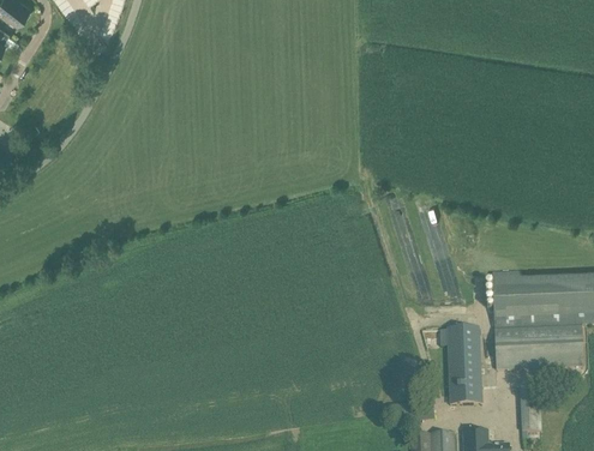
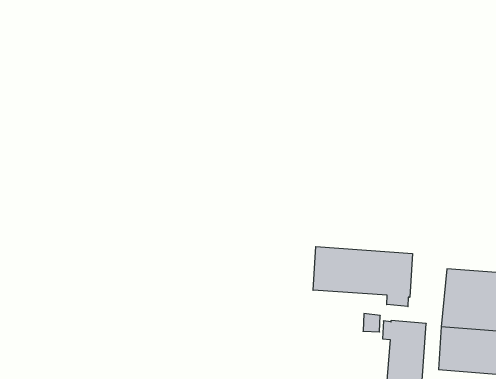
building: none -> [313,247,412,307]

